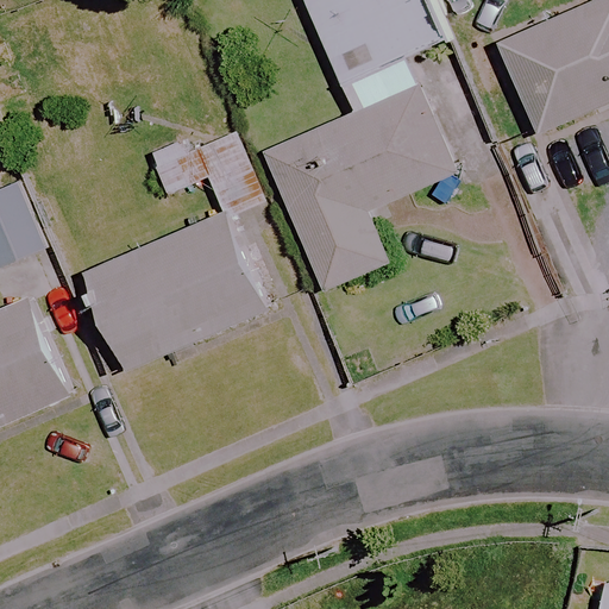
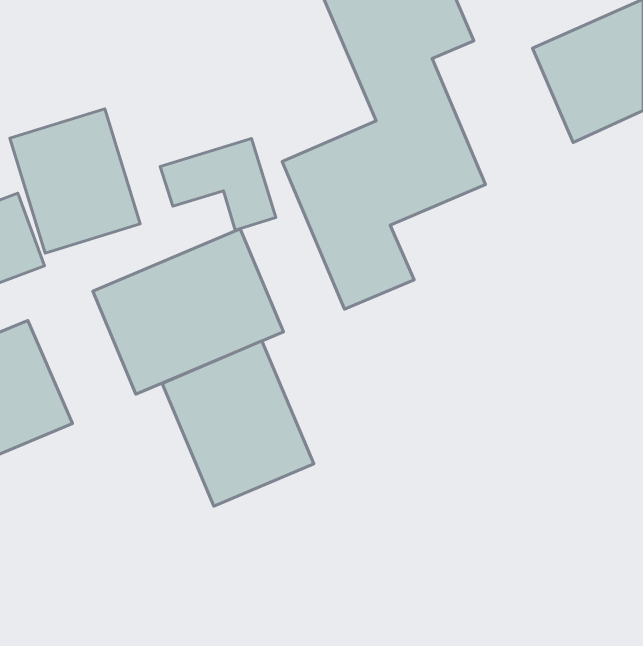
building: none -> [10,109,140,253]
building: none -> [162,341,314,506]

